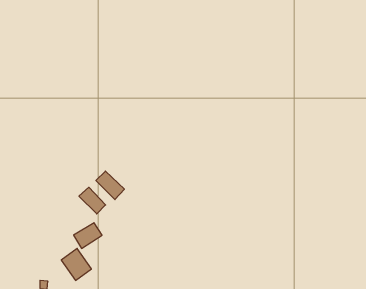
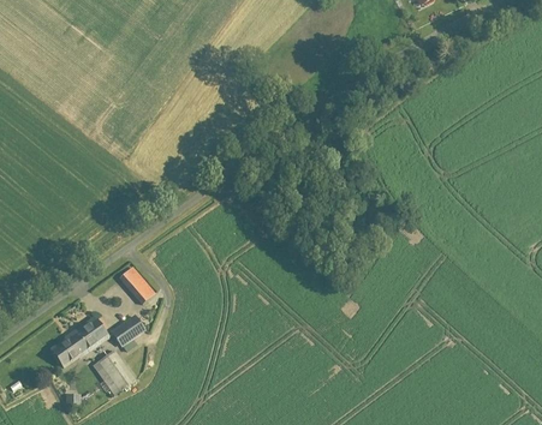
building: [96,171,124,200] -> none
building: none -> [48,317,105,366]

